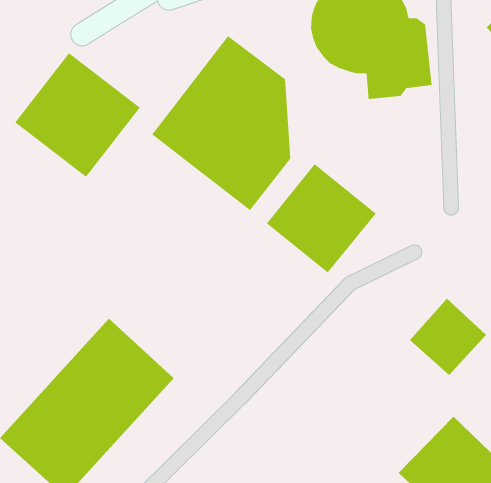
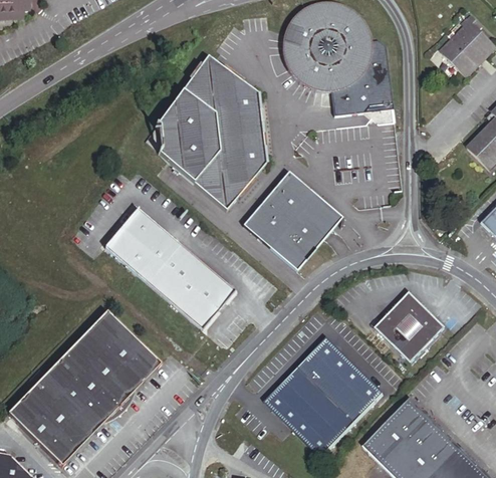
building: [14,52,141,178] -> none
building: none -> [97,205,234,329]
building: none -> [268,334,387,454]

